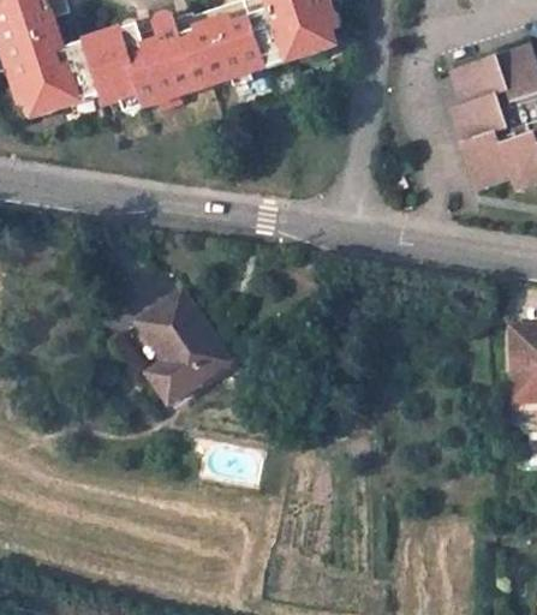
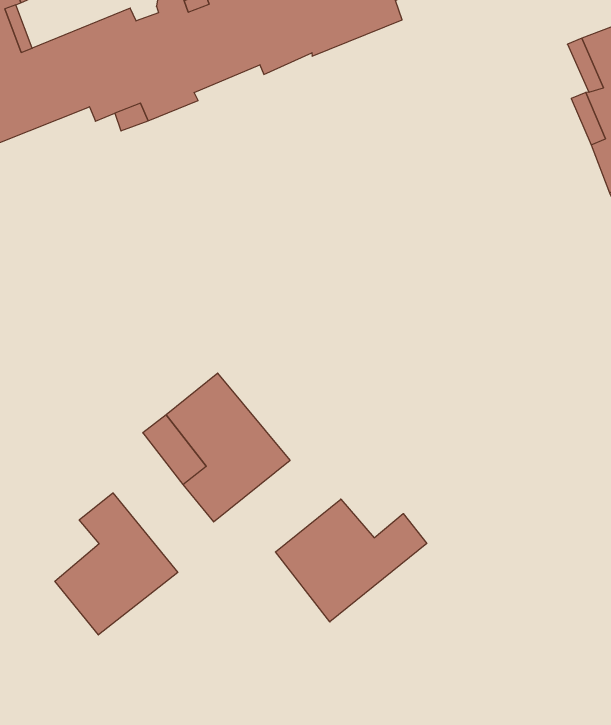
building: none -> [55,493,178,635]
building: none -> [275,499,427,622]

